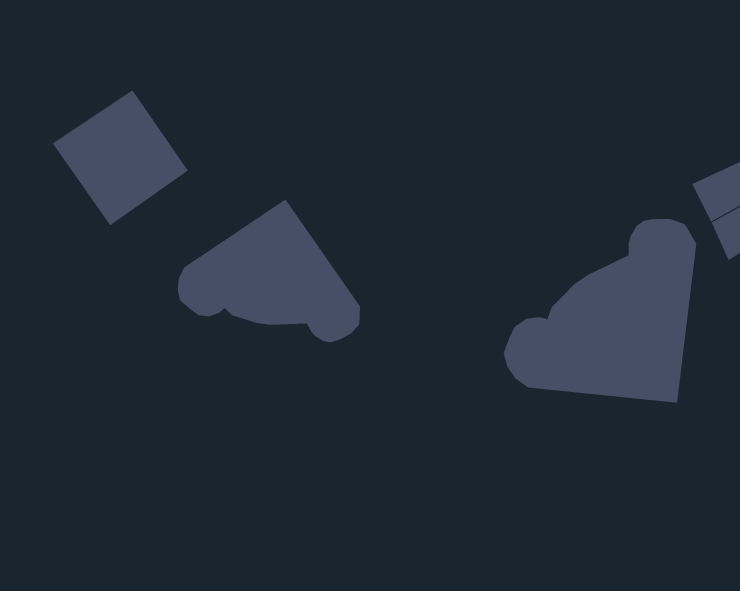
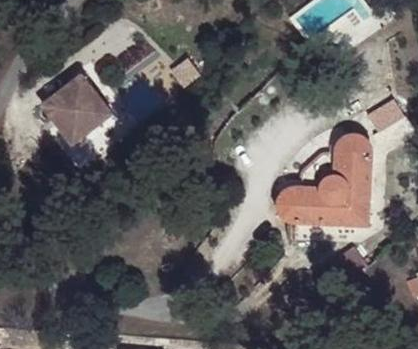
building: [177,199,361,343] -> none

